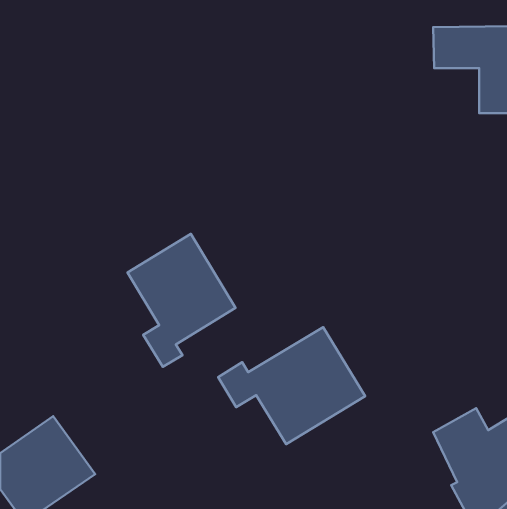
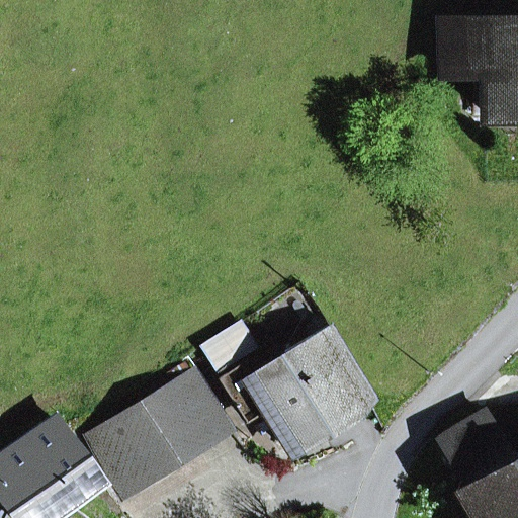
building: [127,234,236,367] -> none
building: none -> [92,367,226,492]

